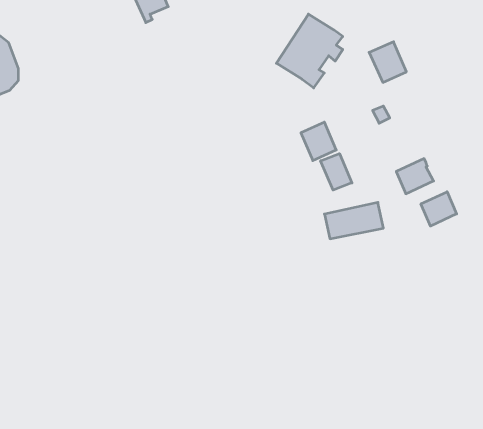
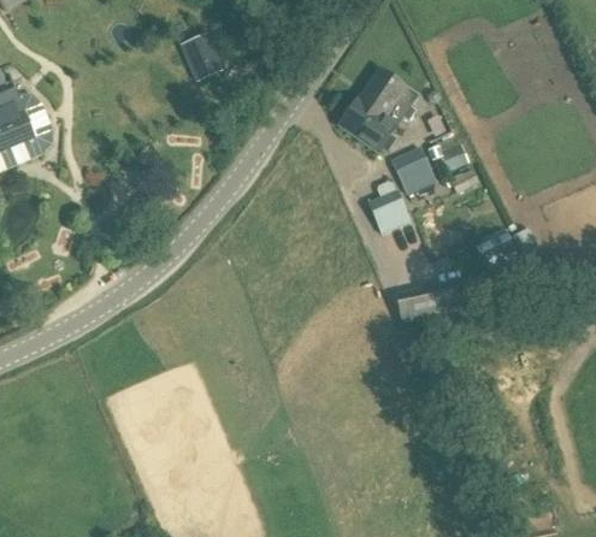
building: [369,42,406,82] -> [391,147,433,193]
building: [321,154,352,190] -> none
building: [421,192,457,226] -> none

